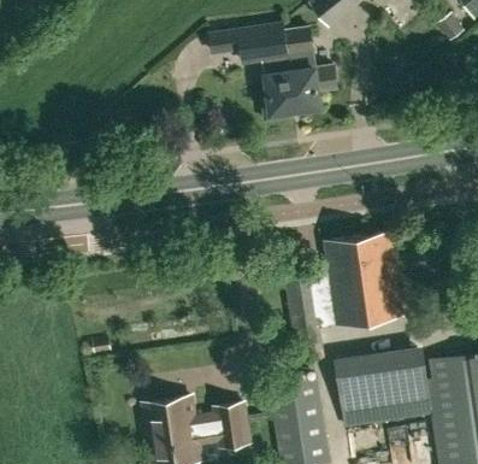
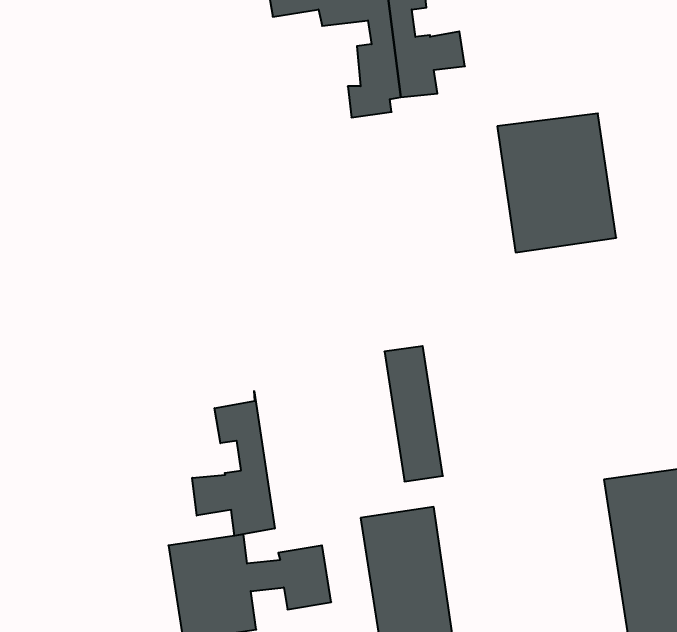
building: [324,233,402,324] -> [497,113,616,252]
building: none -> [192,391,275,536]
building: [334,345,431,428] -> none

